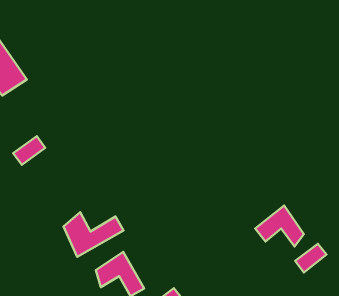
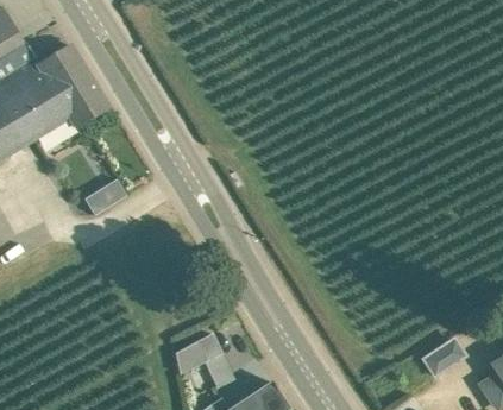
building: [255,206,304,247] -> none
building: [63,212,124,257] -> none

